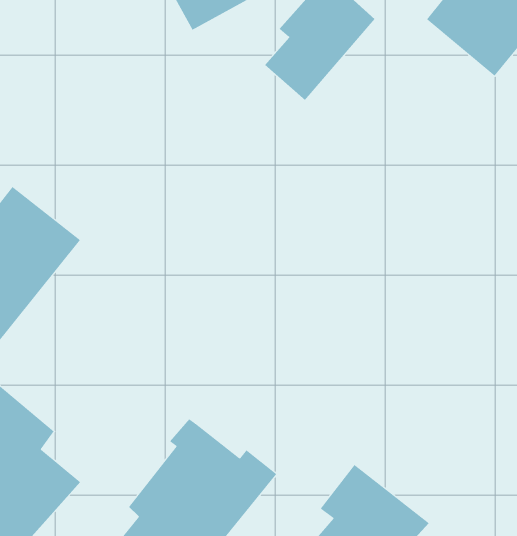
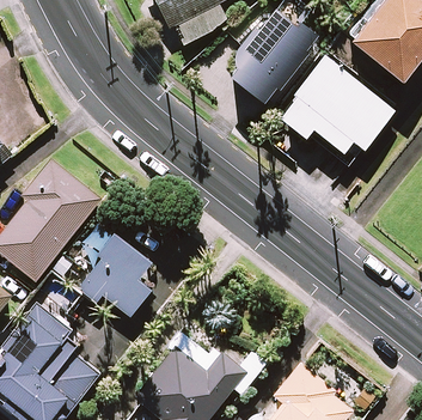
building: none -> [281,57,393,168]
building: none -> [73,220,152,316]

